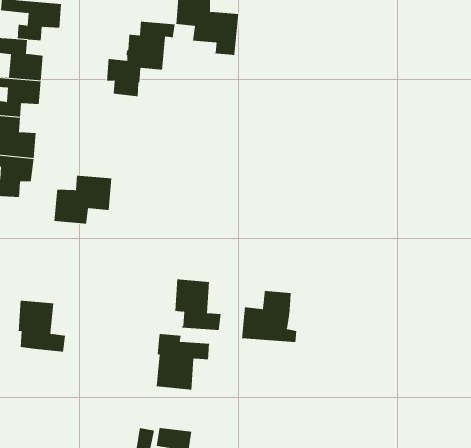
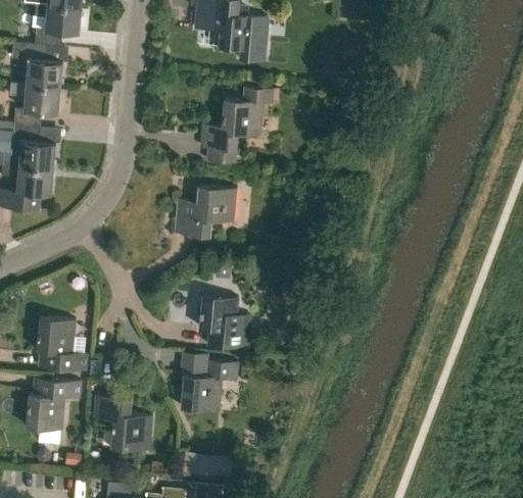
building: [106,21,176,97] -> [200,86,273,164]
building: [54,175,112,224] -> [175,187,236,238]
building: [241,290,297,343] -> none
building: none -> [26,379,80,445]
building: none -> [94,396,152,451]

